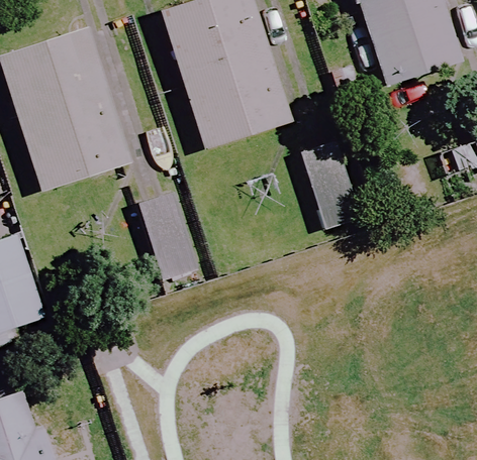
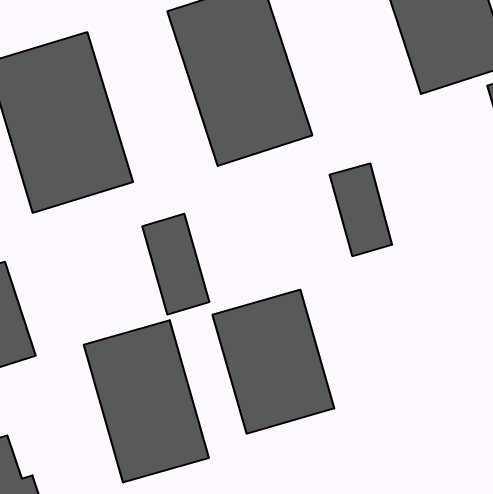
building: none -> [213,290,334,434]
building: none -> [84,320,209,483]

